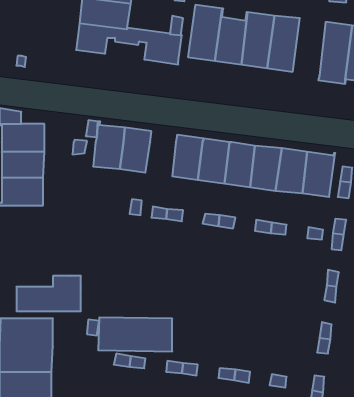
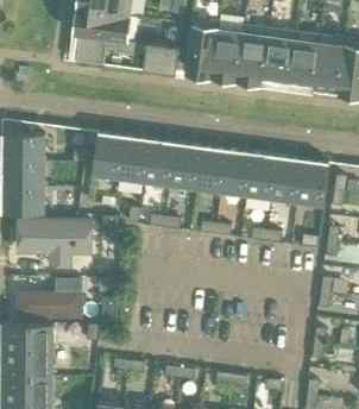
building: none -> [288,31,320,92]
building: none -> [144,141,175,185]
building: [98,317,172,351] -> [18,220,90,253]

